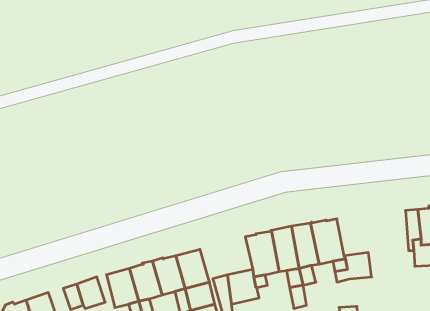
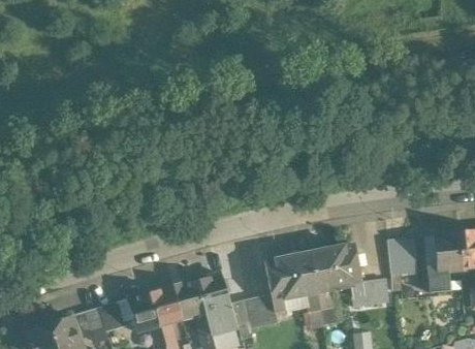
building: none -> [386,239,410,277]

